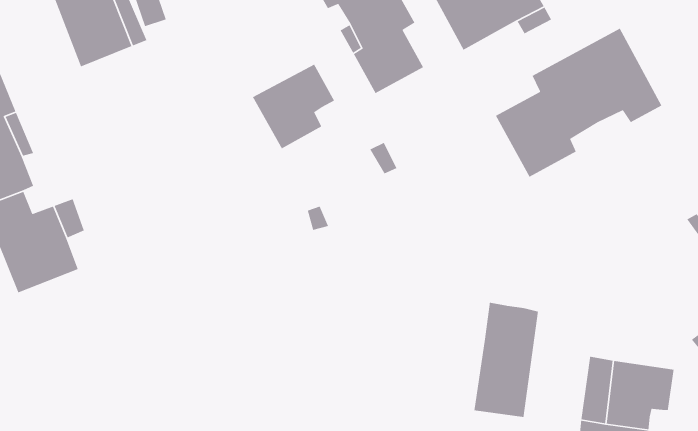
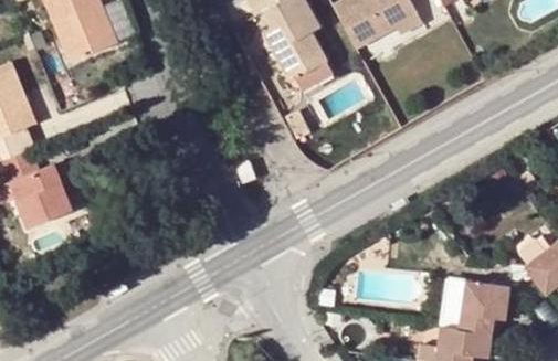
building: [495,28,662,178] -> none
building: [252,64,335,150] -> none
building: [473,302,539,418] -> none

